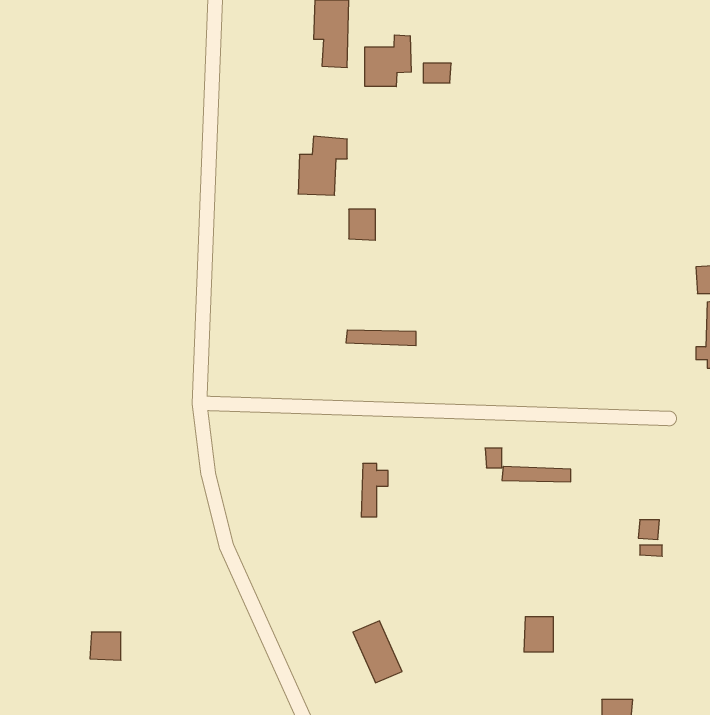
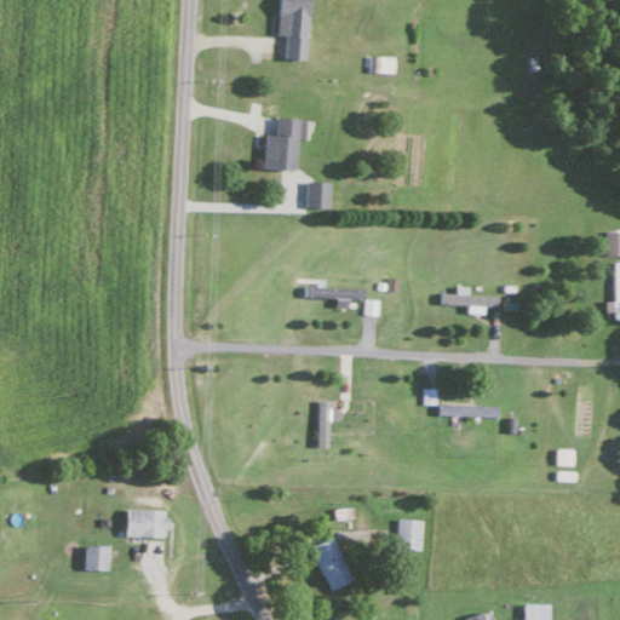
building: [365,35,411,87] -> none
building: none -> [442,287,499,308]
building: none -> [126,511,168,538]
building: [524,617,553,652] -> [398,521,424,551]

